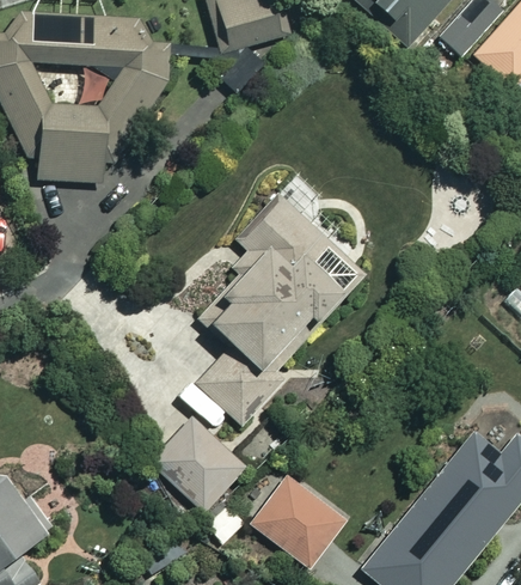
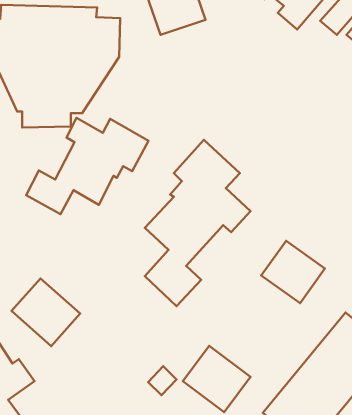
building: none -> [26,118,149,214]
building: none -> [261,241,325,303]
building: [149,419,243,511] -> [12,278,80,346]

